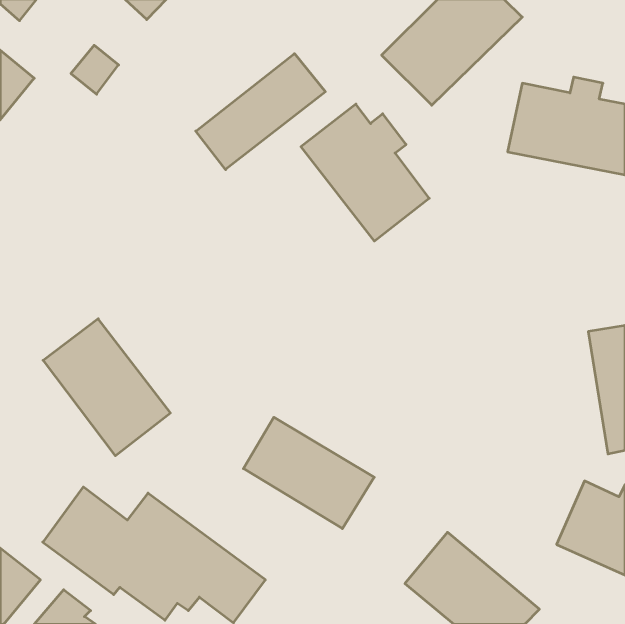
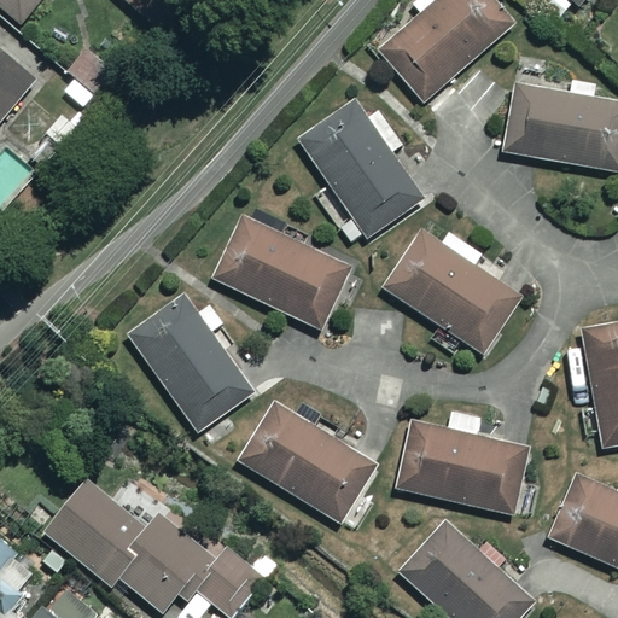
building: [196,54,325,170] -> none
building: none -> [214,217,348,328]
building: none -> [385,232,518,352]
building: [43,319,170,456] -> [127,297,252,432]
building: none -> [401,410,526,513]

